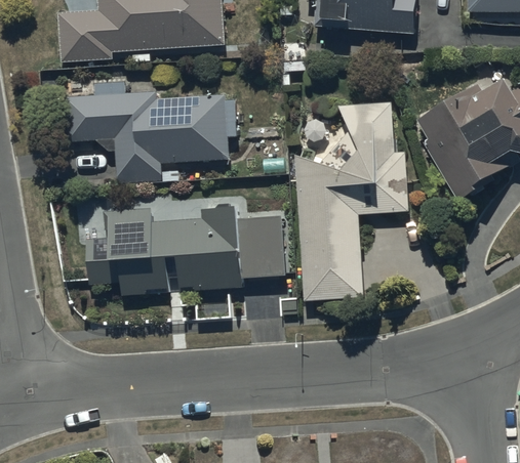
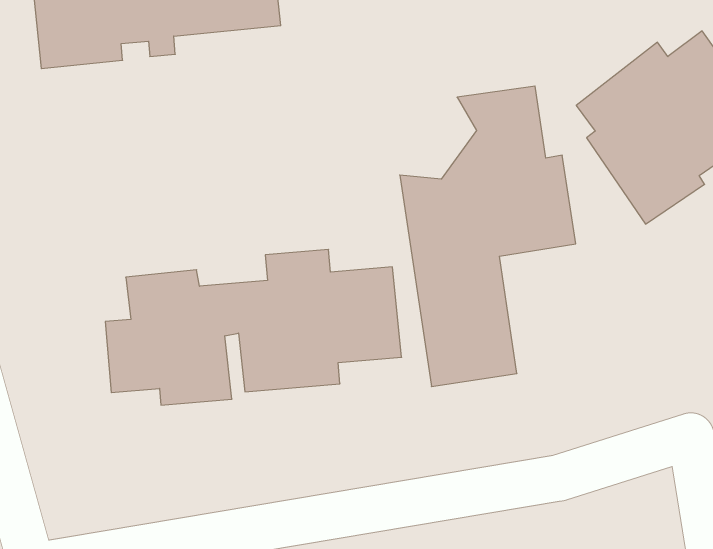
building: [62,81,235,182] -> none

